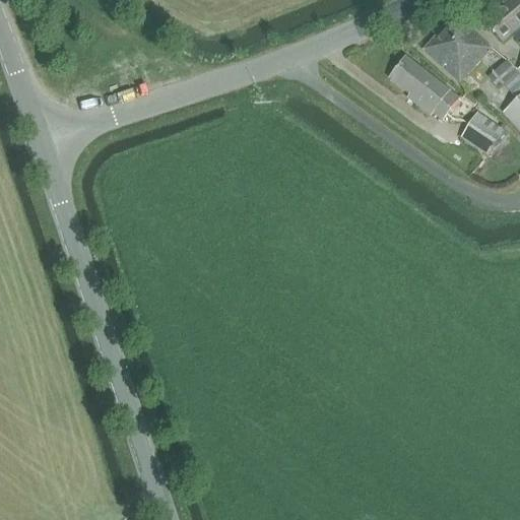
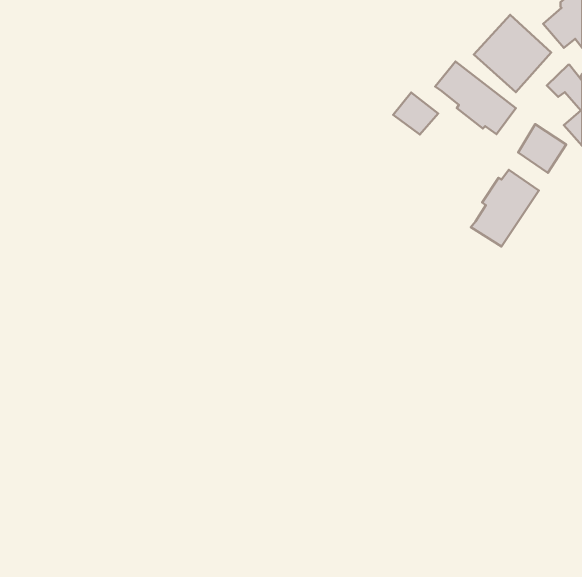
building: none -> [393,93,438,135]
building: none -> [471,170,539,246]

